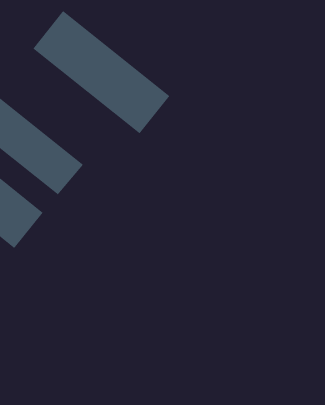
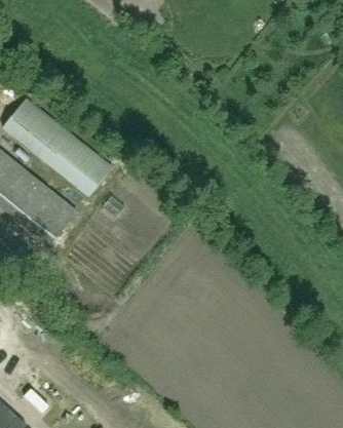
building: [32,10,170,134] -> none

